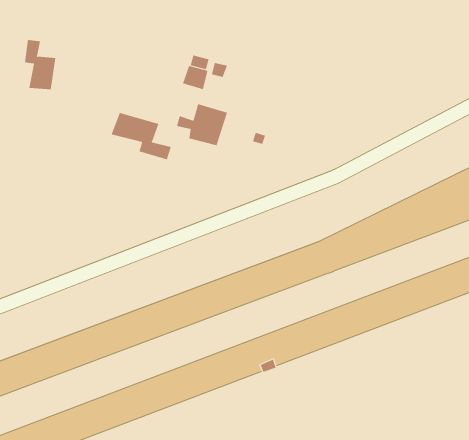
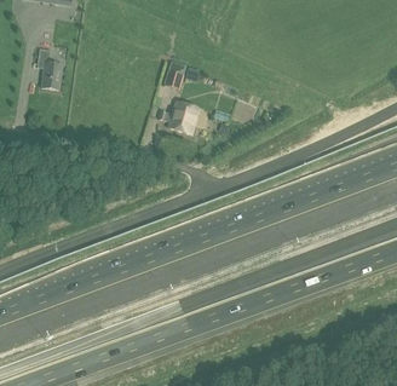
building: [111,112,172,160] -> none

